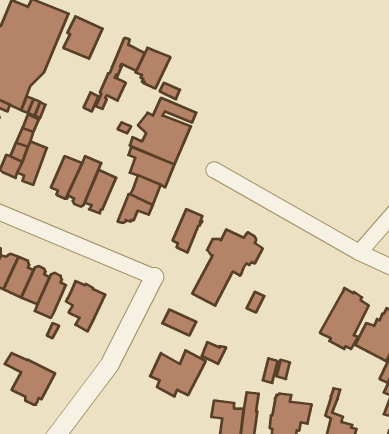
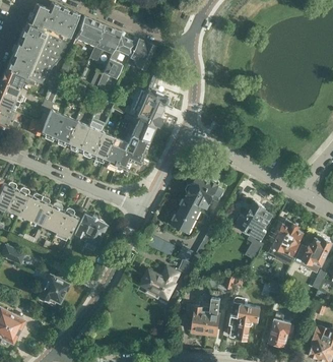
building: none -> [88,24,120,62]
building: none -> [53,114,75,146]
building: [173,209,202,253] -> [104,136,126,169]
building: none -> [236,201,271,259]

